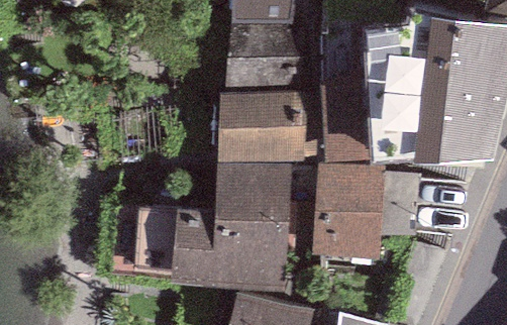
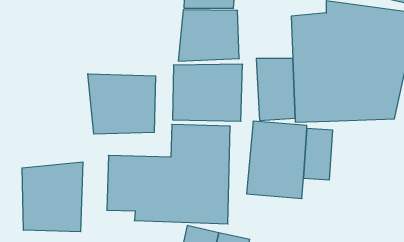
building: none -> [88,74,156,134]
building: none -> [22,162,83,232]

